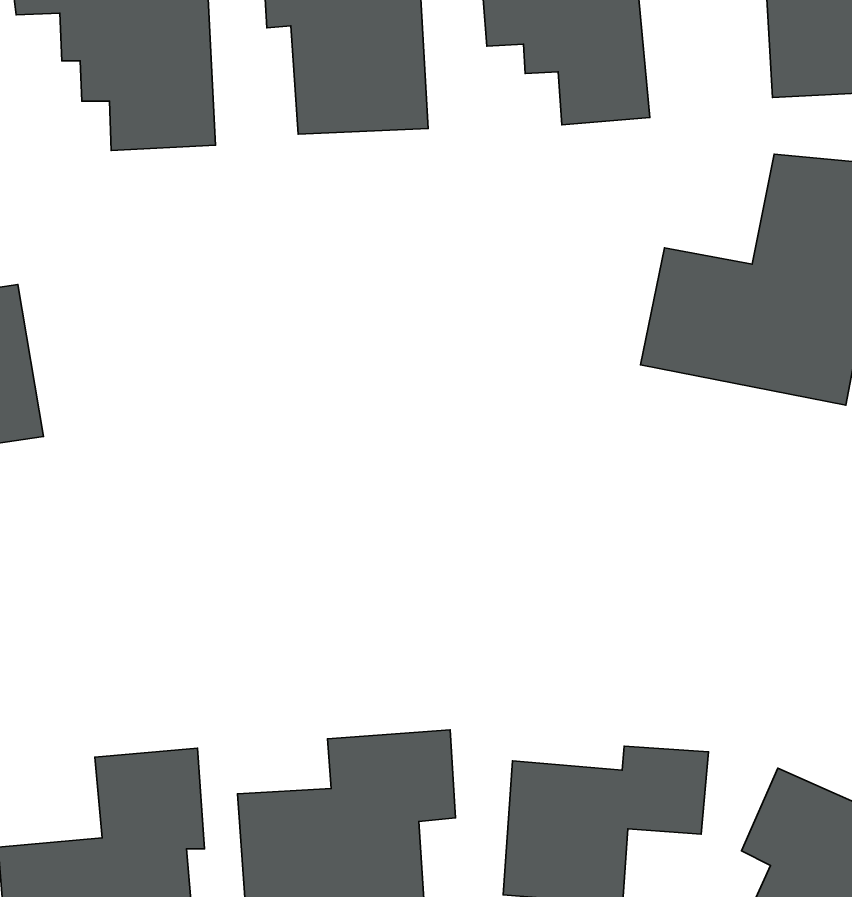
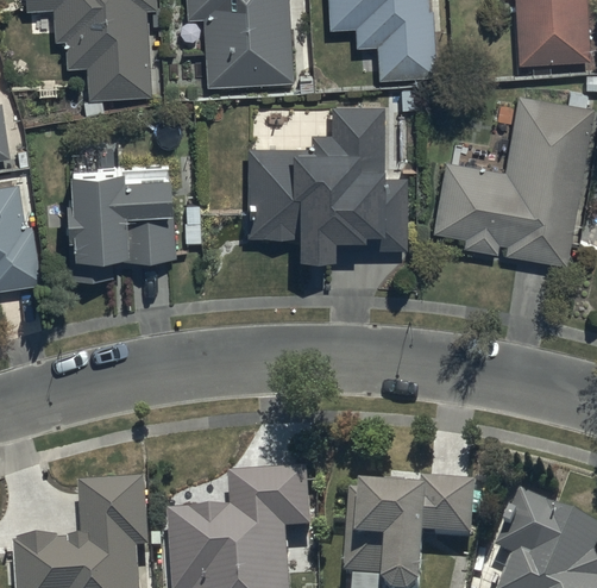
building: none -> [246,107,408,250]
building: none -> [67,159,174,281]

